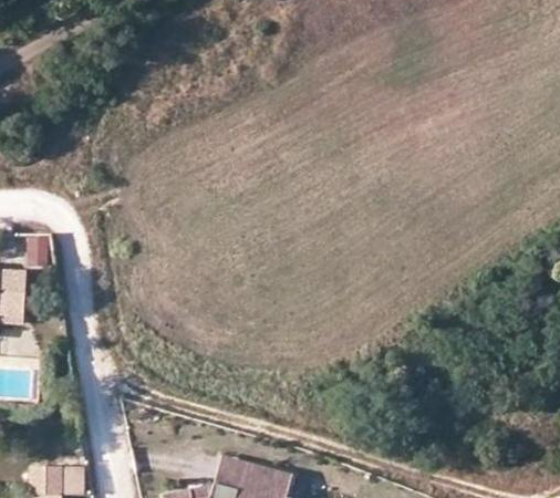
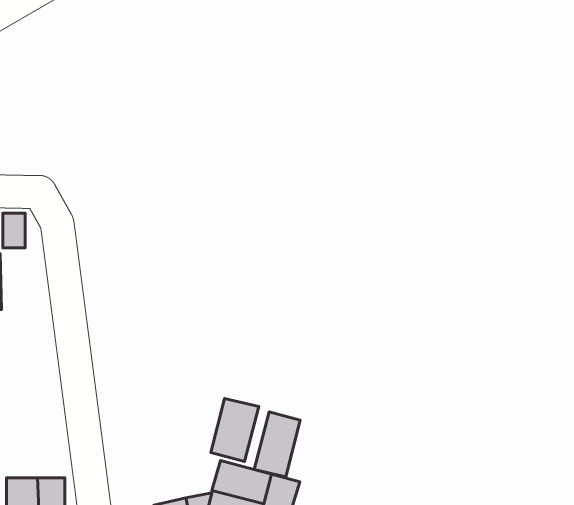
building: none -> [211,399,259,462]
building: none -> [254,412,300,477]

